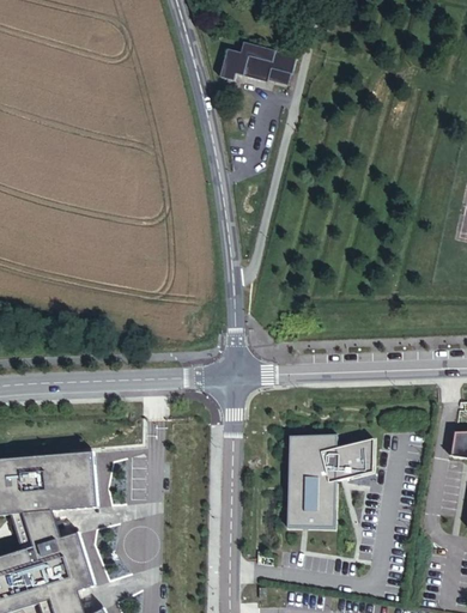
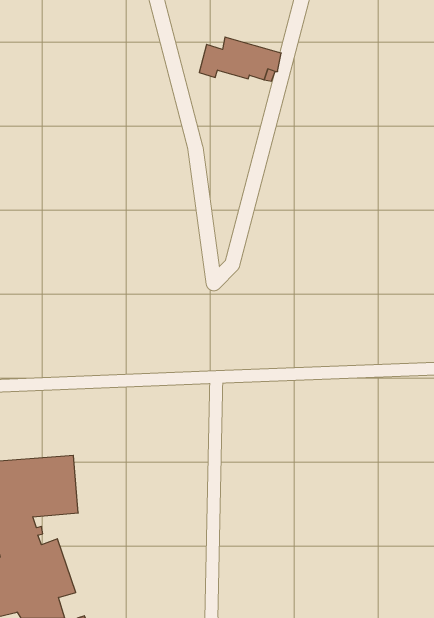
building: [287,433,375,528] -> none

